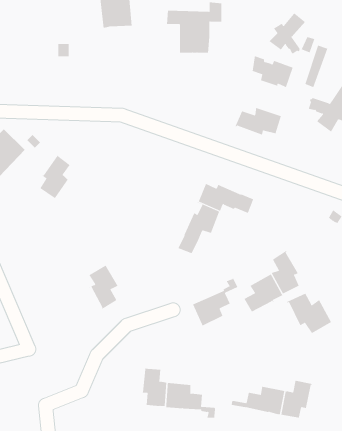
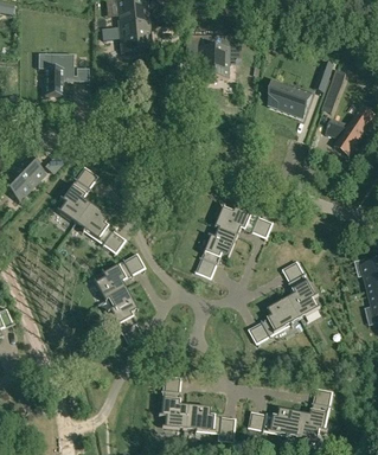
building: [269,12,306,55] -> none
building: none -> [43,53,72,94]
building: [235,107,290,137] -> none
building: none -> [69,201,124,254]
building: none -> [94,259,132,303]
building: [189,275,244,327] -> none
building: [286,293,336,334] -> none

